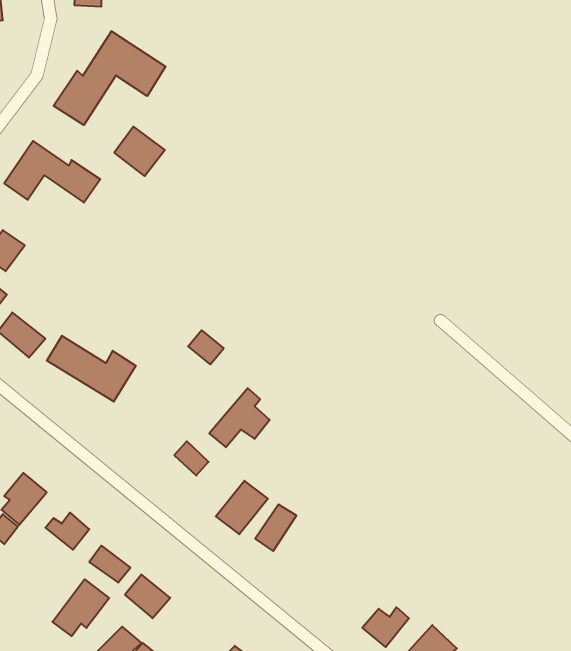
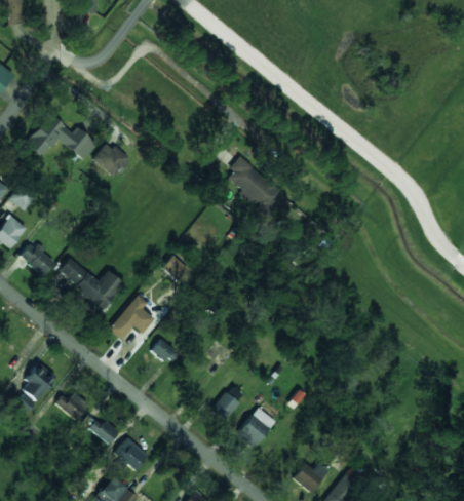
building: [54,31,166,125] -> none
building: [114,127,165,176] -> [92,142,130,179]
building: none -> [226,157,285,213]
building: [209,388,270,447] -> [109,295,154,339]
building: [216,481,268,534] -> [236,408,275,448]
building: [52,579,109,636] -> none

